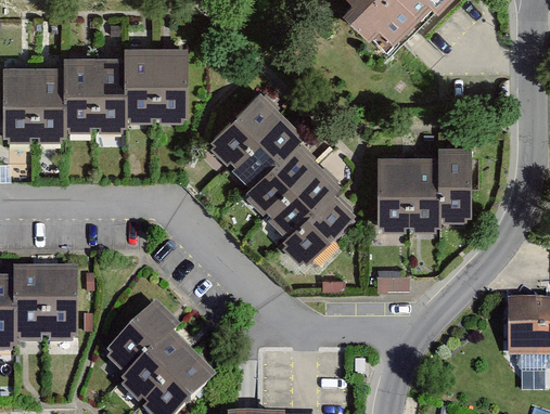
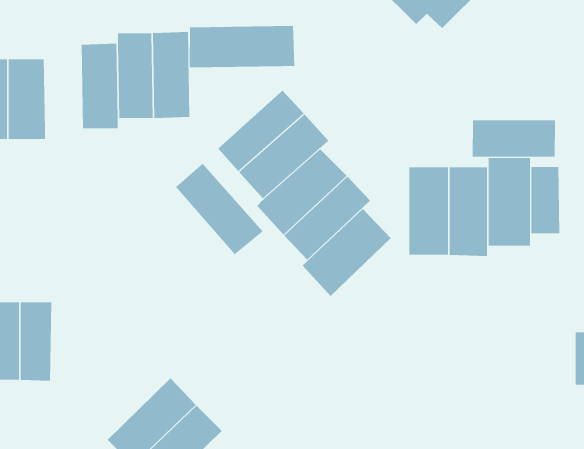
building: none -> [189,25,295,68]
building: [65,55,97,127] -> none
building: none -> [472,120,555,158]
building: none -> [175,163,263,255]
building: none -> [531,166,560,234]
building: [102,305,177,378] -> none

